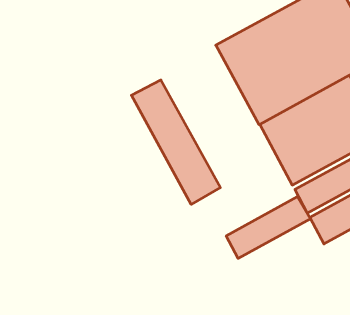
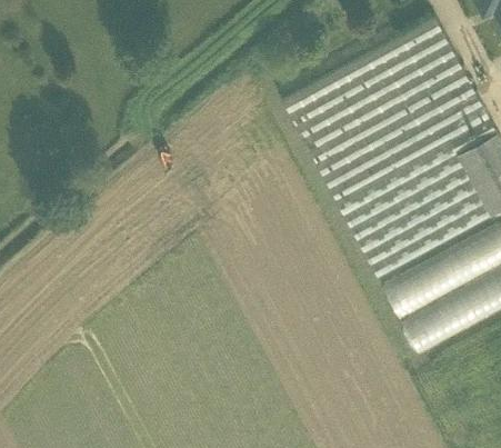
building: [131,80,220,204] -> none
building: [226,196,310,258] -> none

